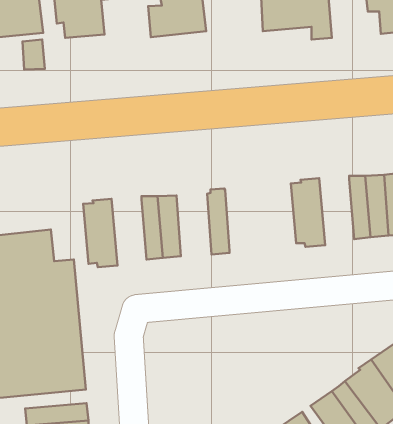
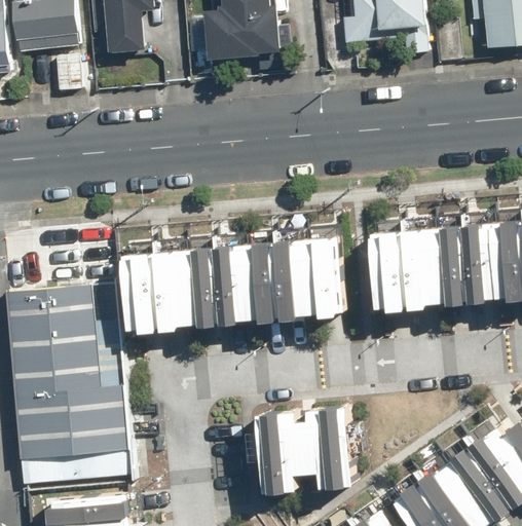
building: none -> [410,223,452,305]
building: none -> [297,237,341,314]
building: none -> [238,239,281,321]
building: none -> [160,248,202,330]
building: none -> [262,403,359,487]

